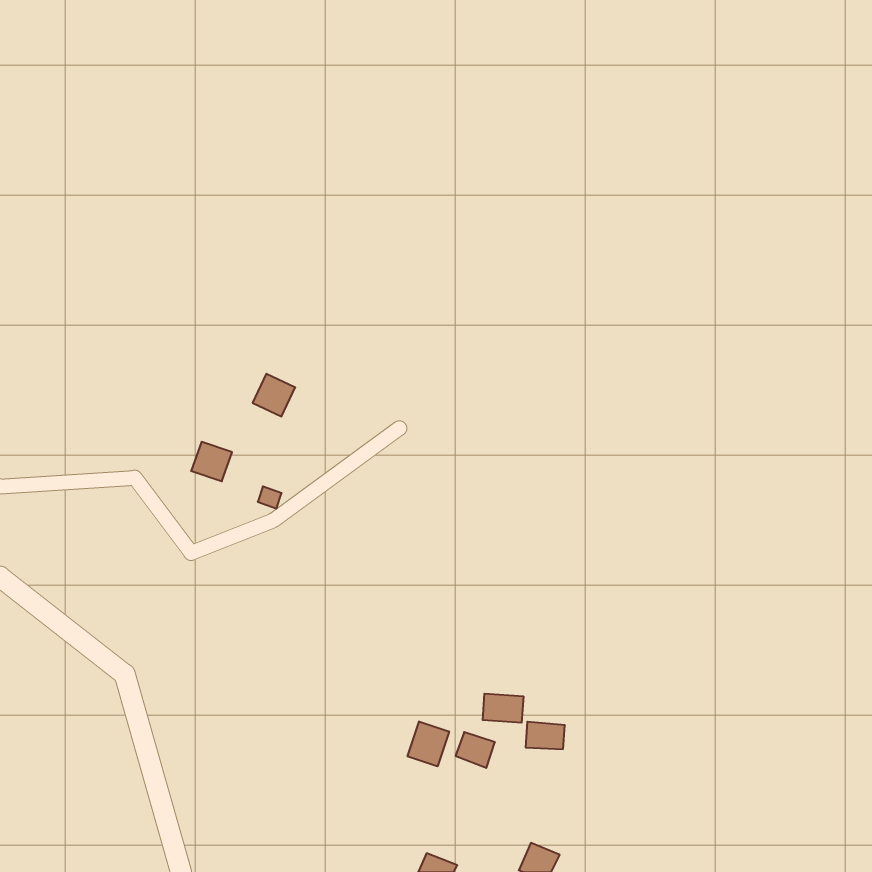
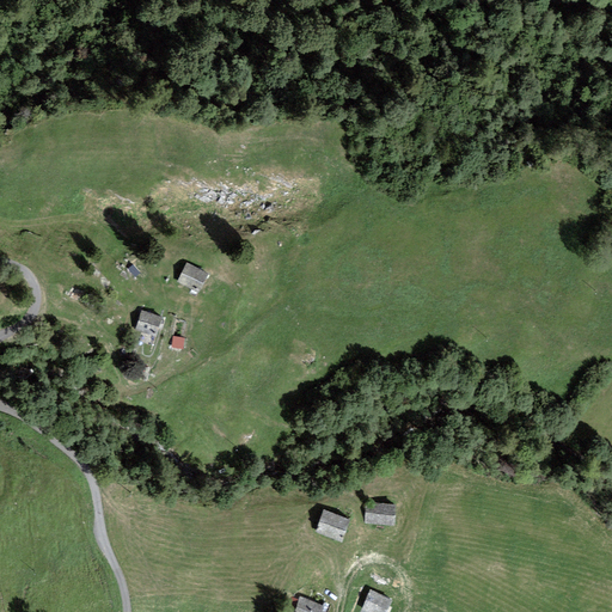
building: [483,694,523,723] -> none
building: [408,721,449,766] -> none

